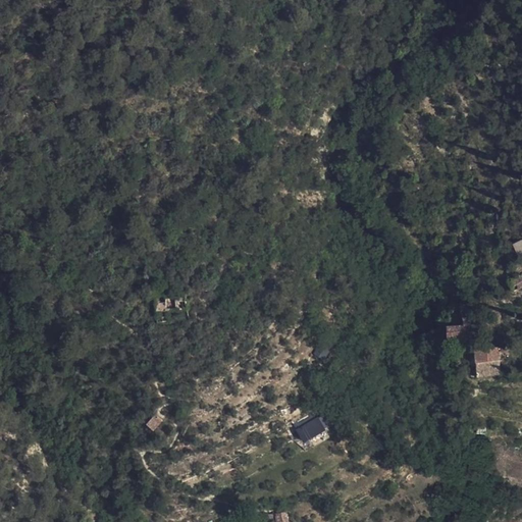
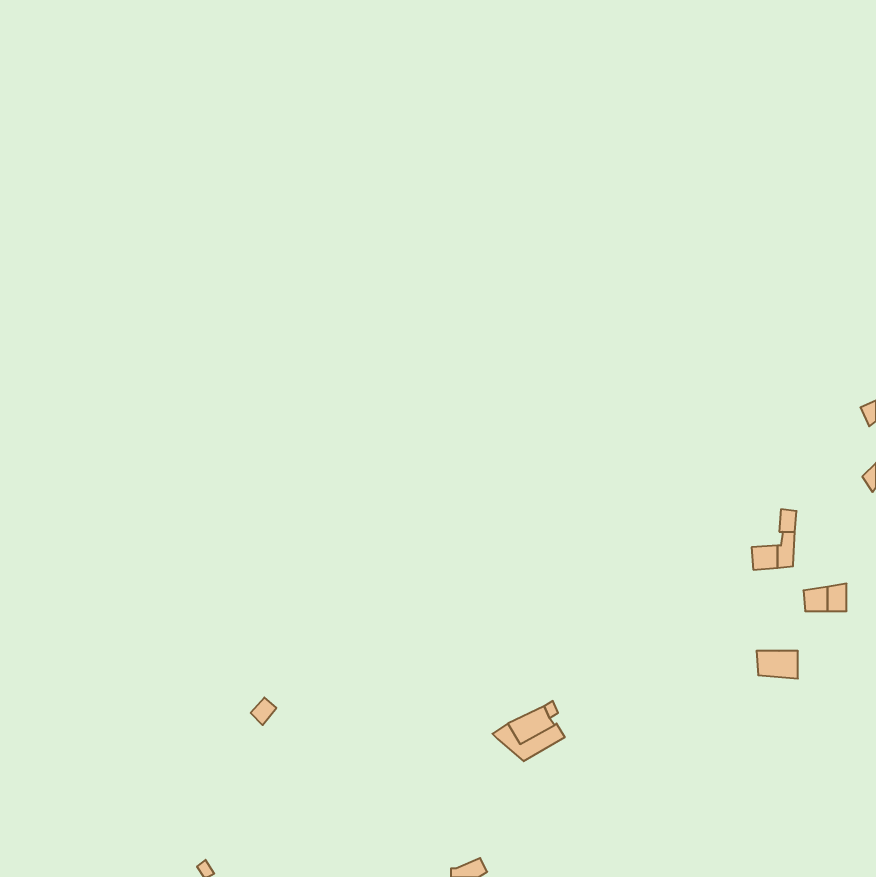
building: [475,361,500,377] -> [756,651,798,679]

